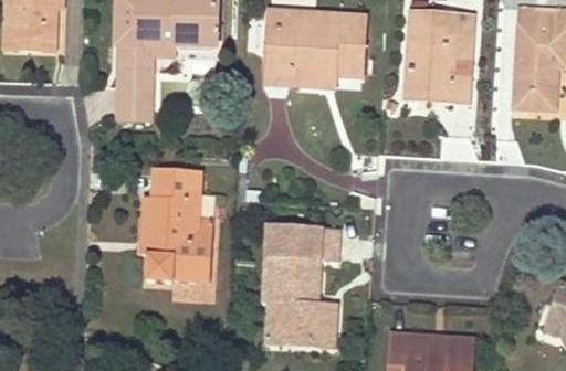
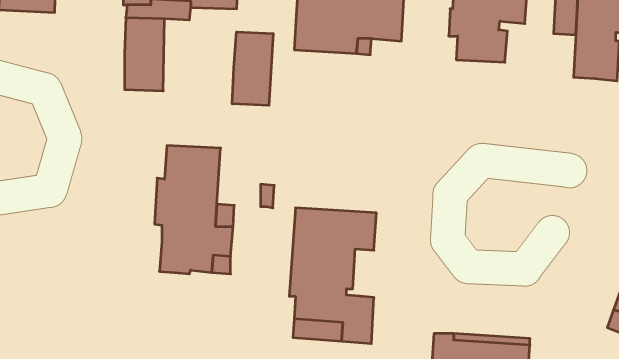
building: [402,57,471,103] -> none
building: none -> [232,32,273,105]

